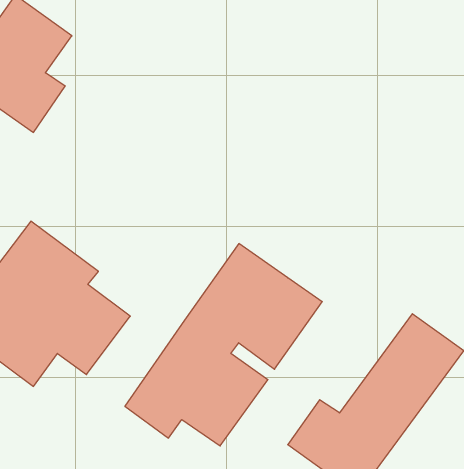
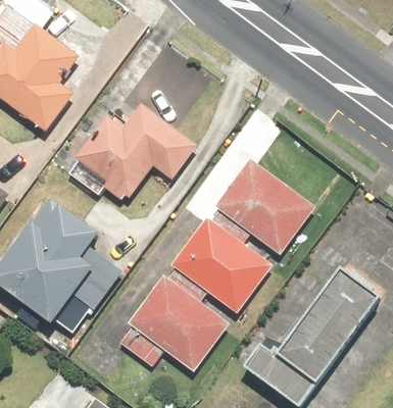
building: none -> [54,102,198,202]
building: none -> [206,159,310,253]

